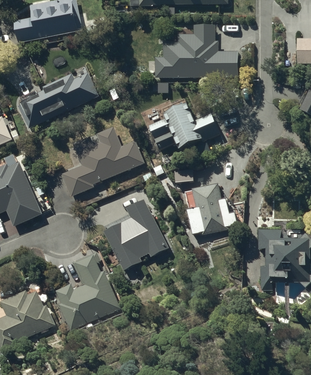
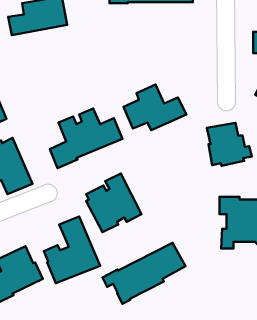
building: [154,26,237,78] -> none
building: [17,72,98,128] -> none
building: [184,185,236,235] -> [207,123,252,166]
building: none -> [102,243,185,304]

